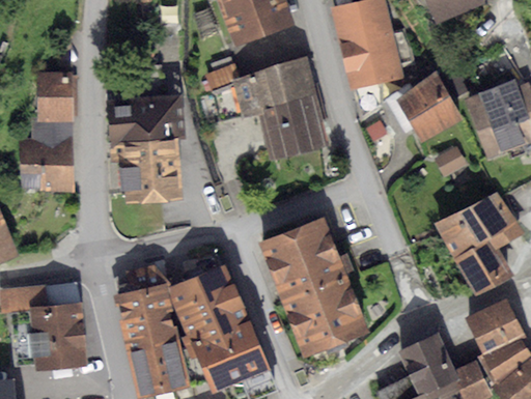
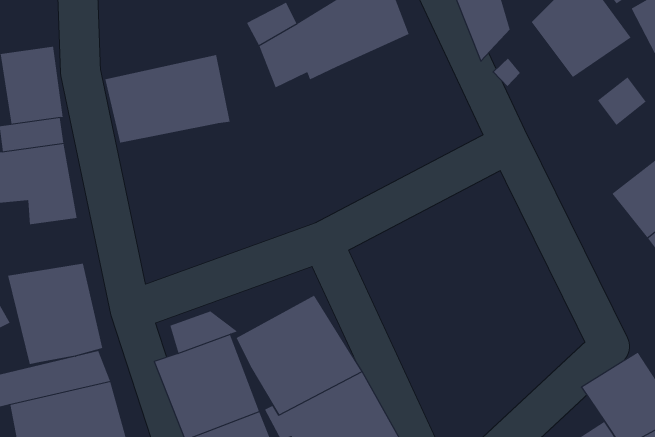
building: [262,97,328,159] -> none
building: [109,140,181,203] -> none
building: [259,217,369,359] -> none
building: none -> [8,263,103,365]

